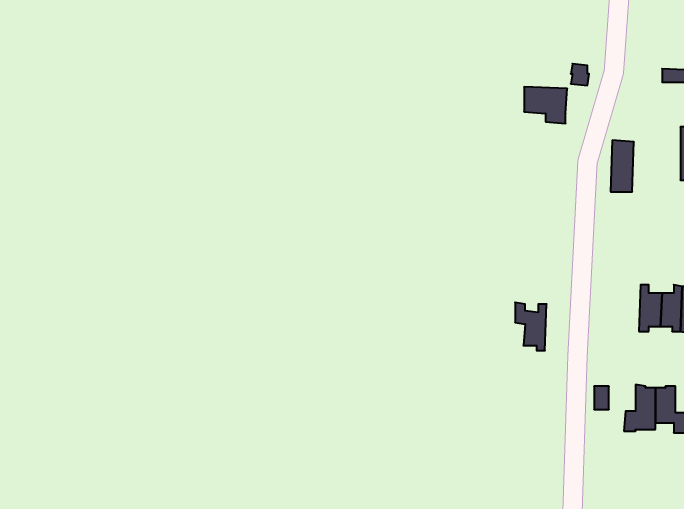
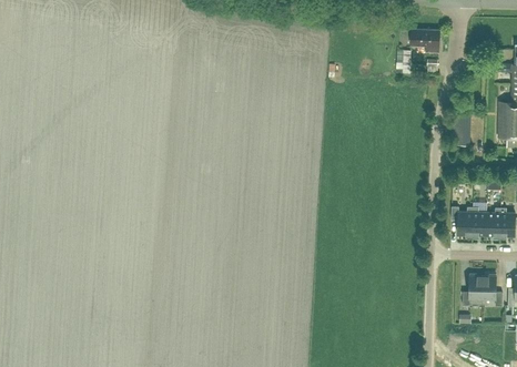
building: [524,87,567,123] -> [410,29,439,53]
building: [515,302,547,351] -> [452,206,473,238]

